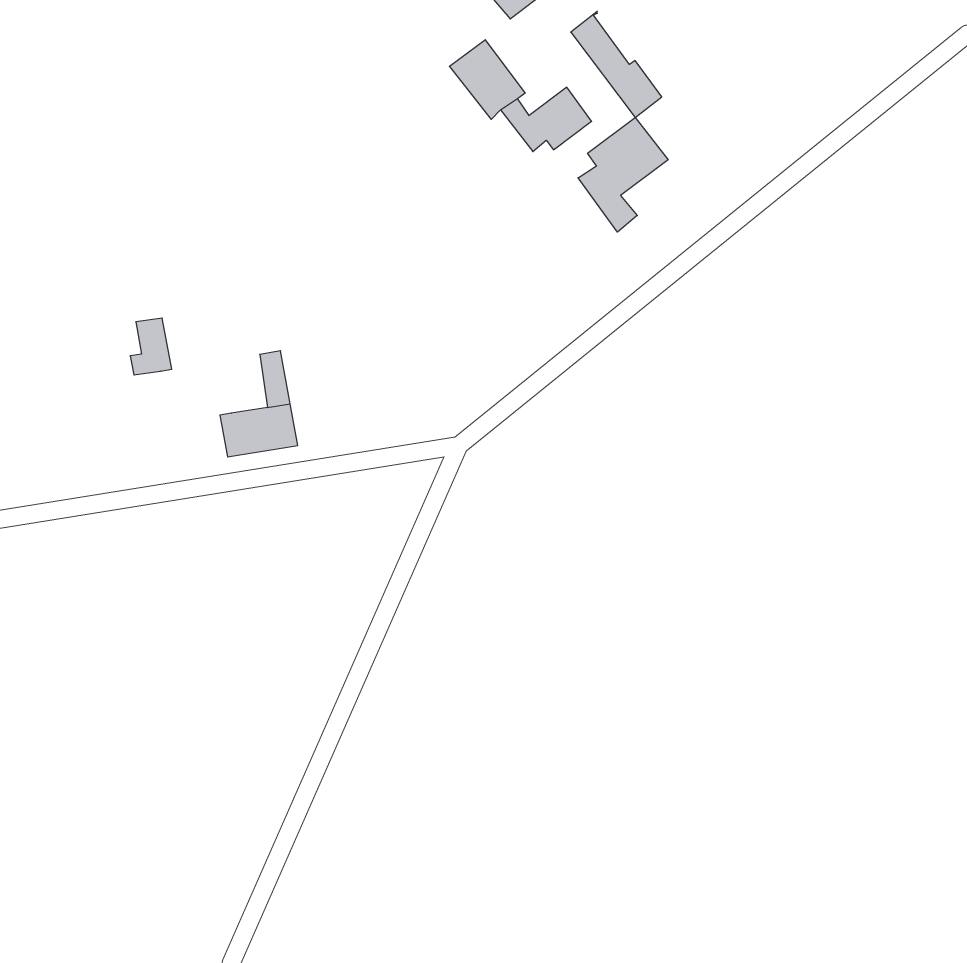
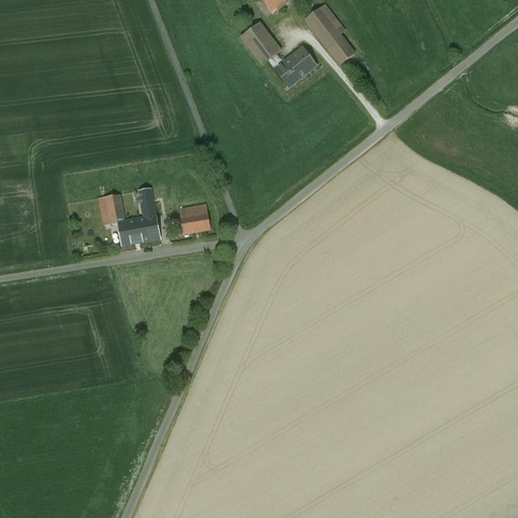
building: [578,118,668,232] -> none
building: [130,318,172,375] -> [101,193,123,224]
building: none -> [179,209,209,233]

